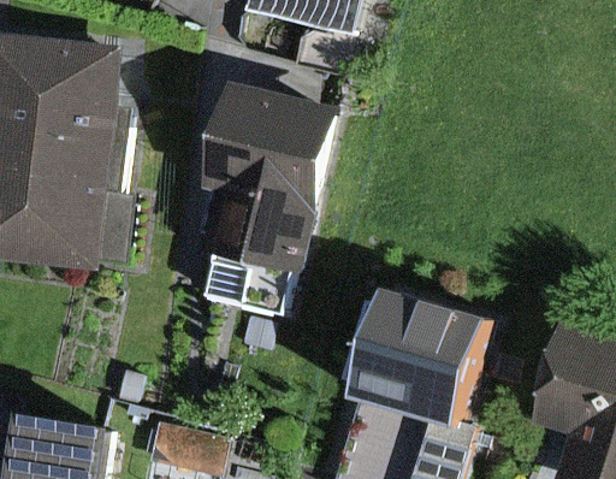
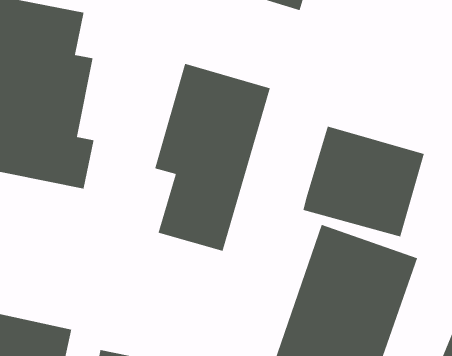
building: none -> [302,125,425,238]

